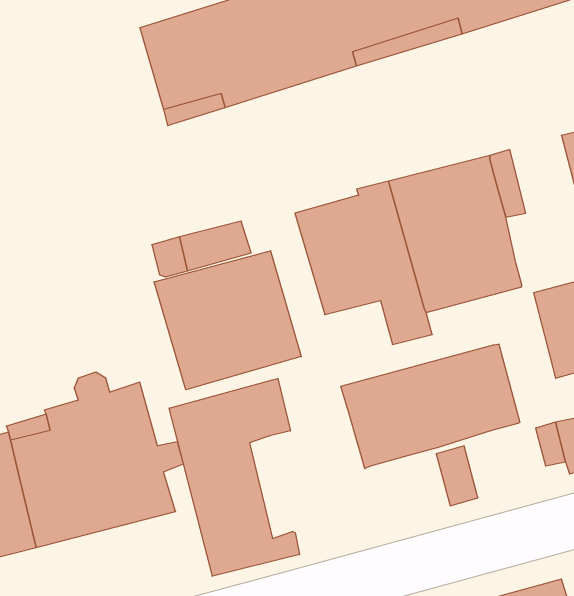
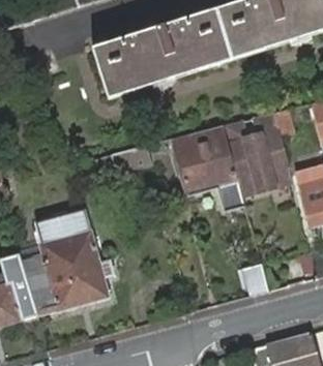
building: [154,251,301,390] -> none
building: [341,344,520,469] -> none
building: [169,378,299,576] -> none

